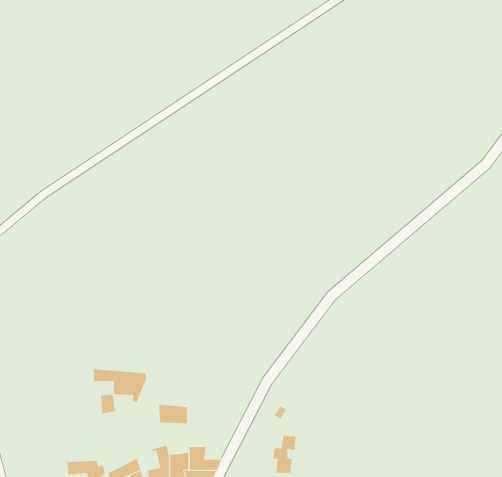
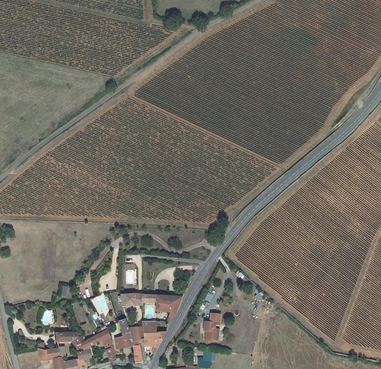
building: [93,369,147,403] -> [143,293,181,317]

